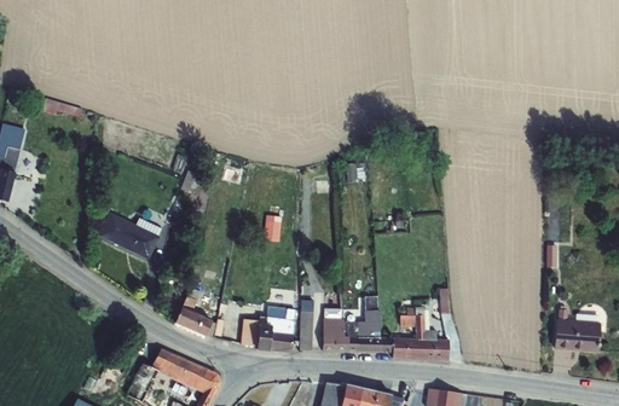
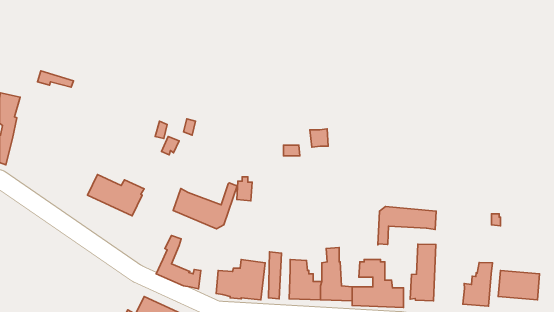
building: none -> [173,183,238,229]
building: none -> [378,206,436,245]
building: none -> [410,244,436,301]
building: none -> [463,262,492,306]

